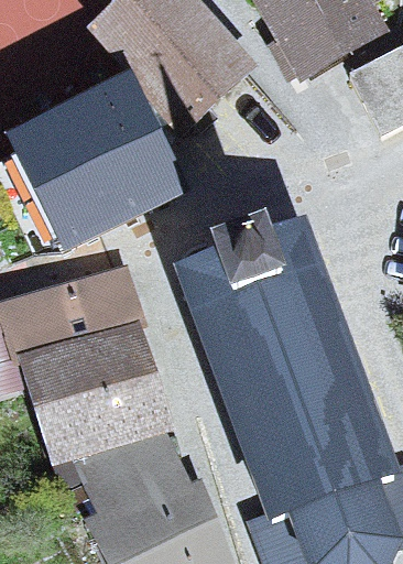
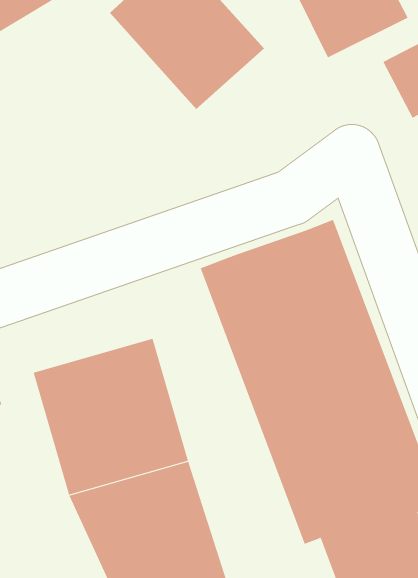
building: [11,88,175,243] -> none
building: [15,269,140,358] -> none

